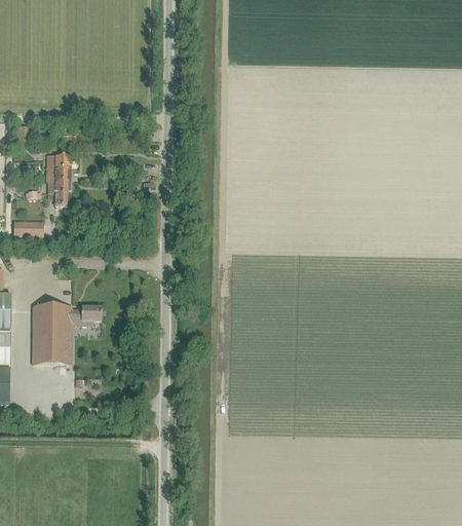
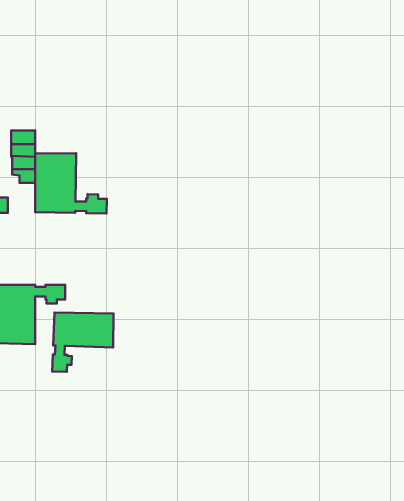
building: none -> [35,153,107,214]
building: none -> [52,313,113,372]

